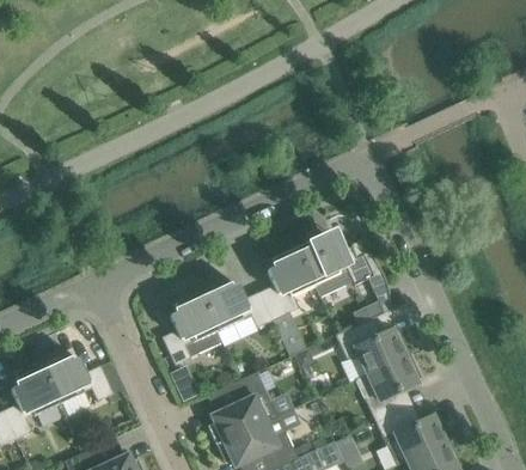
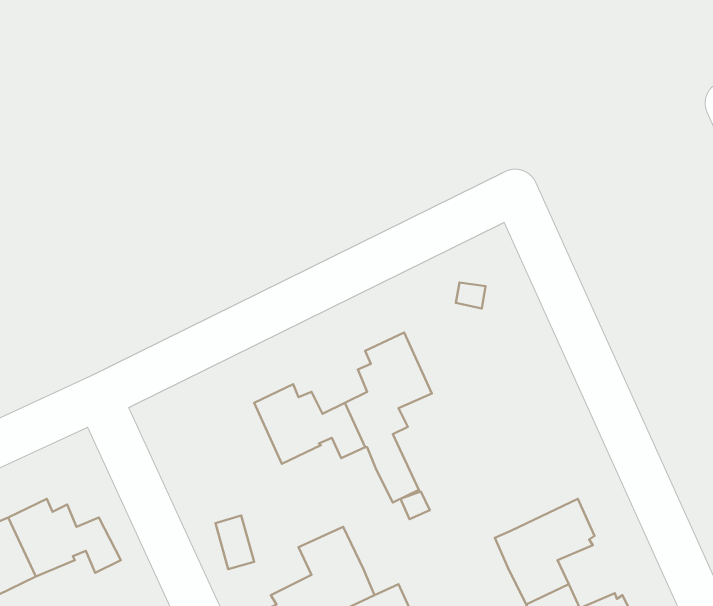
building: [296,236,390,313] -> none
building: [161,292,222,366] -> none
building: [335,323,409,374] -> none

